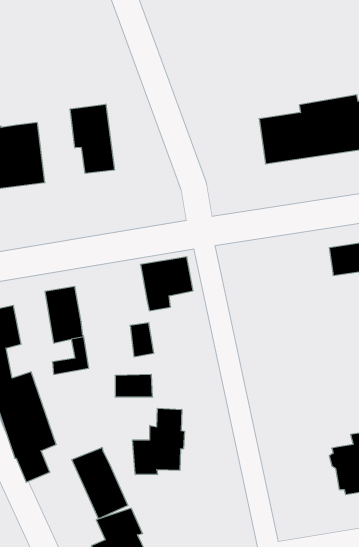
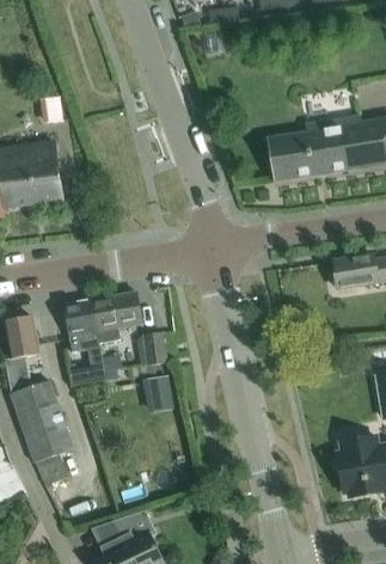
building: [70,104,114,173] -> none
building: [140,257,193,311] -> [91,292,141,343]
building: [132,408,185,475] -> none
building: [72,447,128,519] -> none

